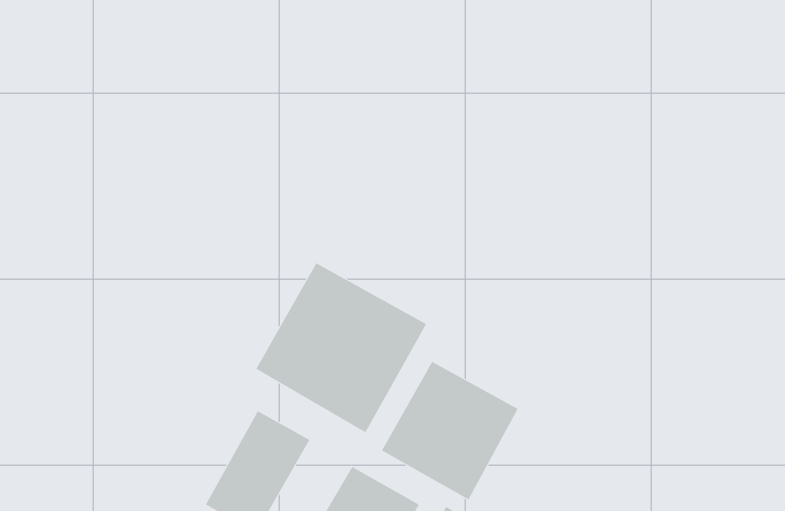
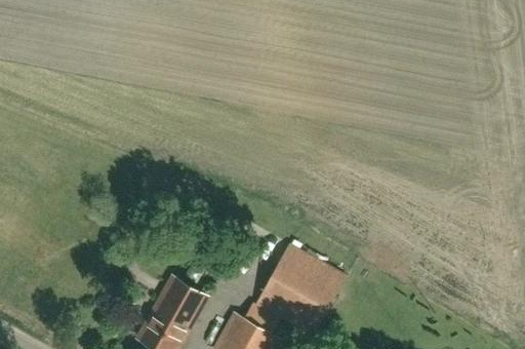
building: [255,263,427,433] -> none

